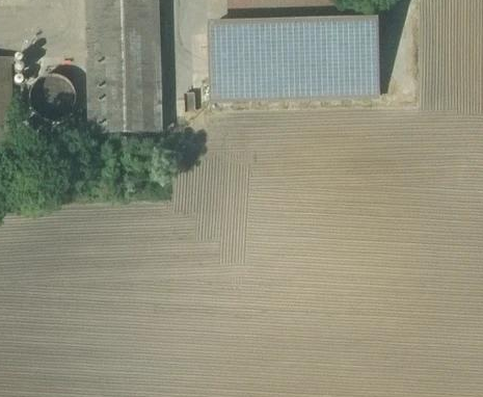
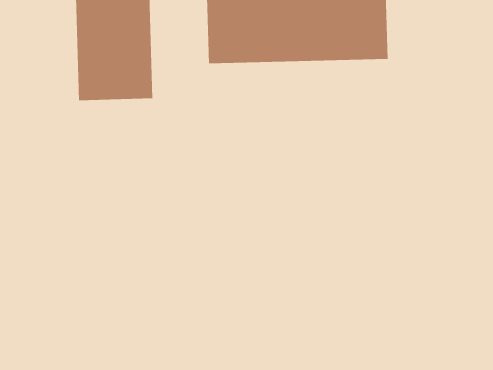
building: [27,70,79,120] -> none

